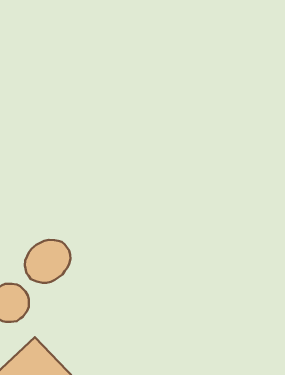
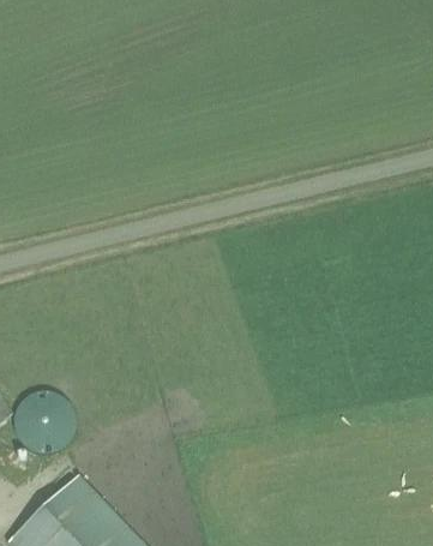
building: [25,240,70,283] -> none

